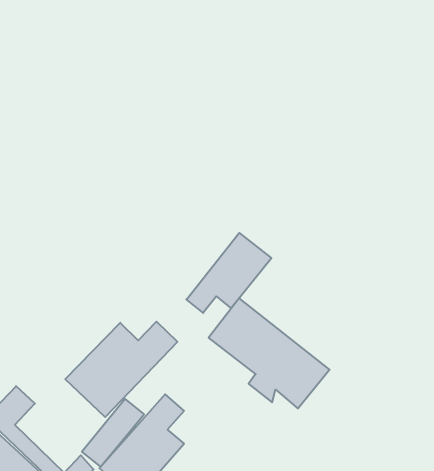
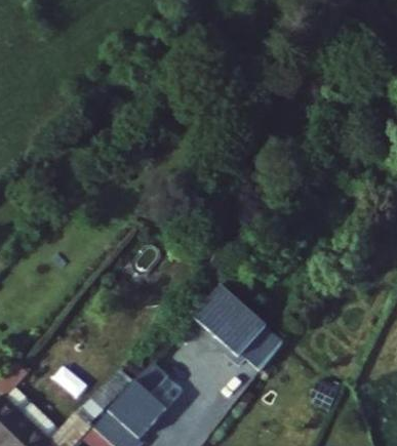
building: [186,233,271,313] -> none
building: [65,322,177,417] -> none

